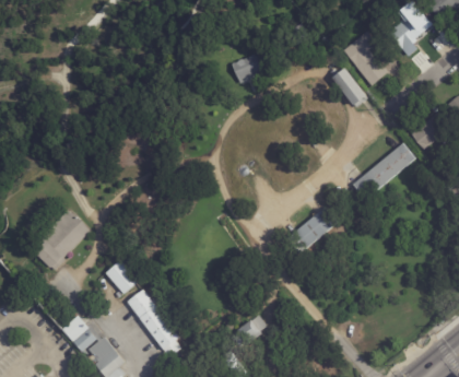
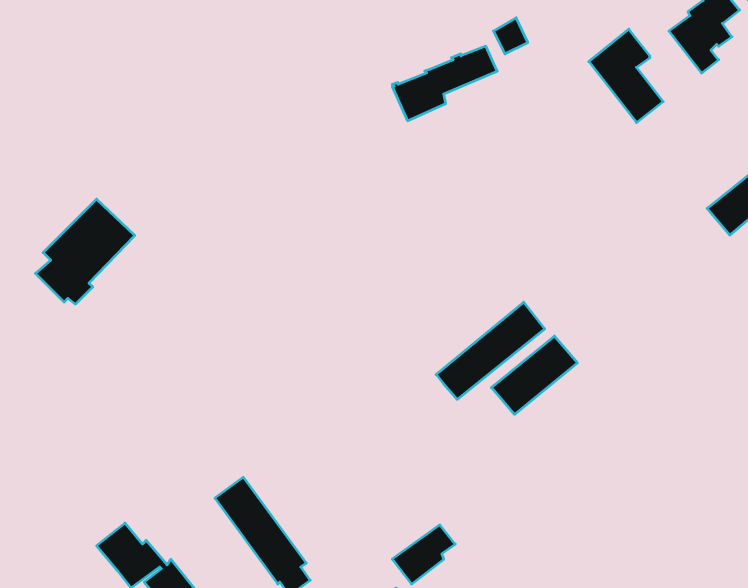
building: [331,67,369,106] -> none
building: [354,143,416,199] -> [436,302,545,399]
building: [32,211,89,271] -> [35,199,135,304]
building: [106,260,140,294] -> none

